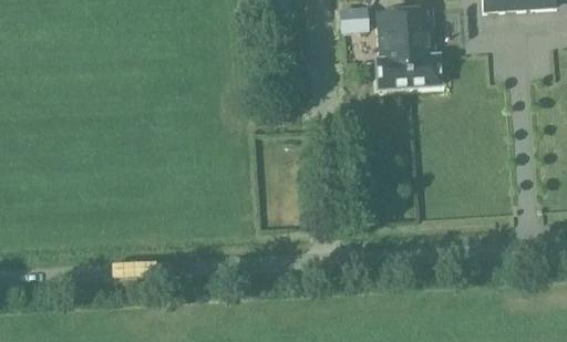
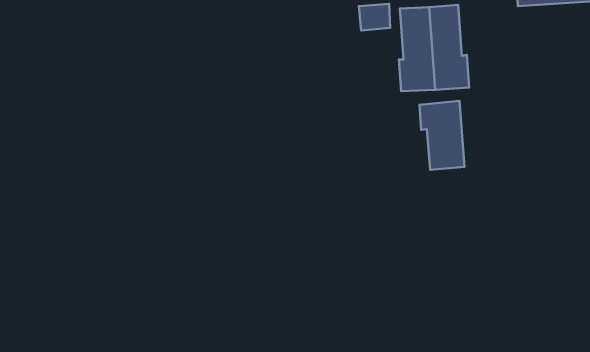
building: none -> [419,101,464,170]

